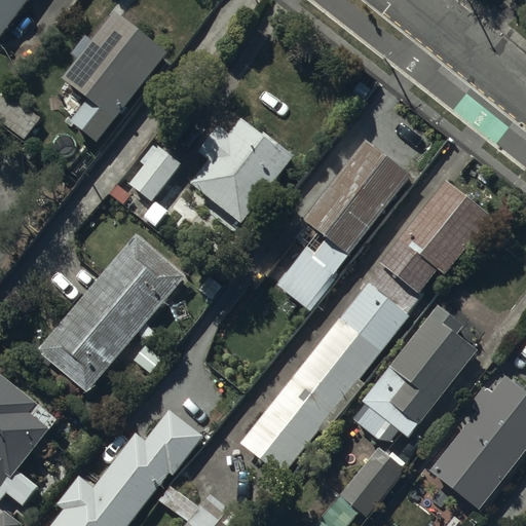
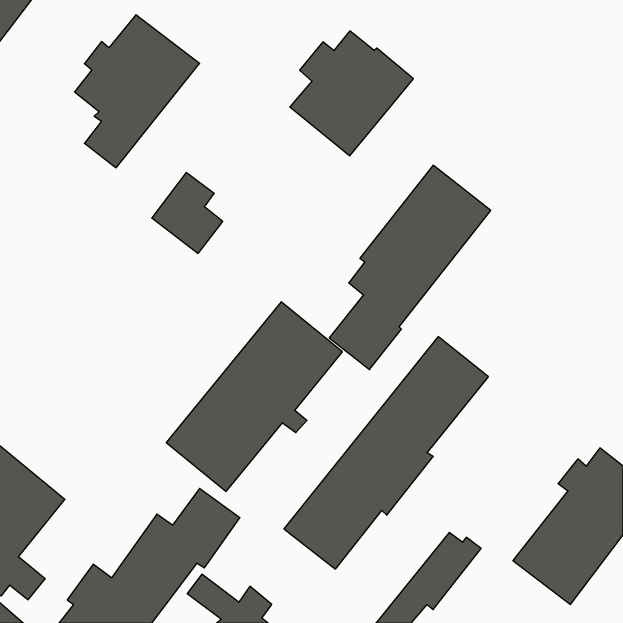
building: [190,118,294,223] -> [290,31,413,156]
building: [382,182,489,293] -> none
building: [38,232,186,391] -> [166,302,342,491]
building: [354,300,482,441] -> none

